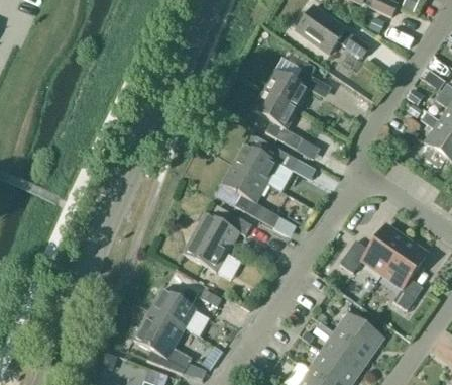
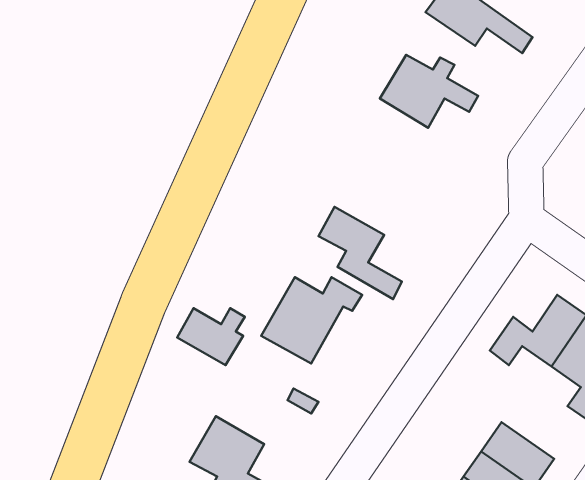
building: [253,89,303,150] -> none
building: [233,132,310,183] -> none
building: [151,288,198,327] -> [177,308,245,365]

